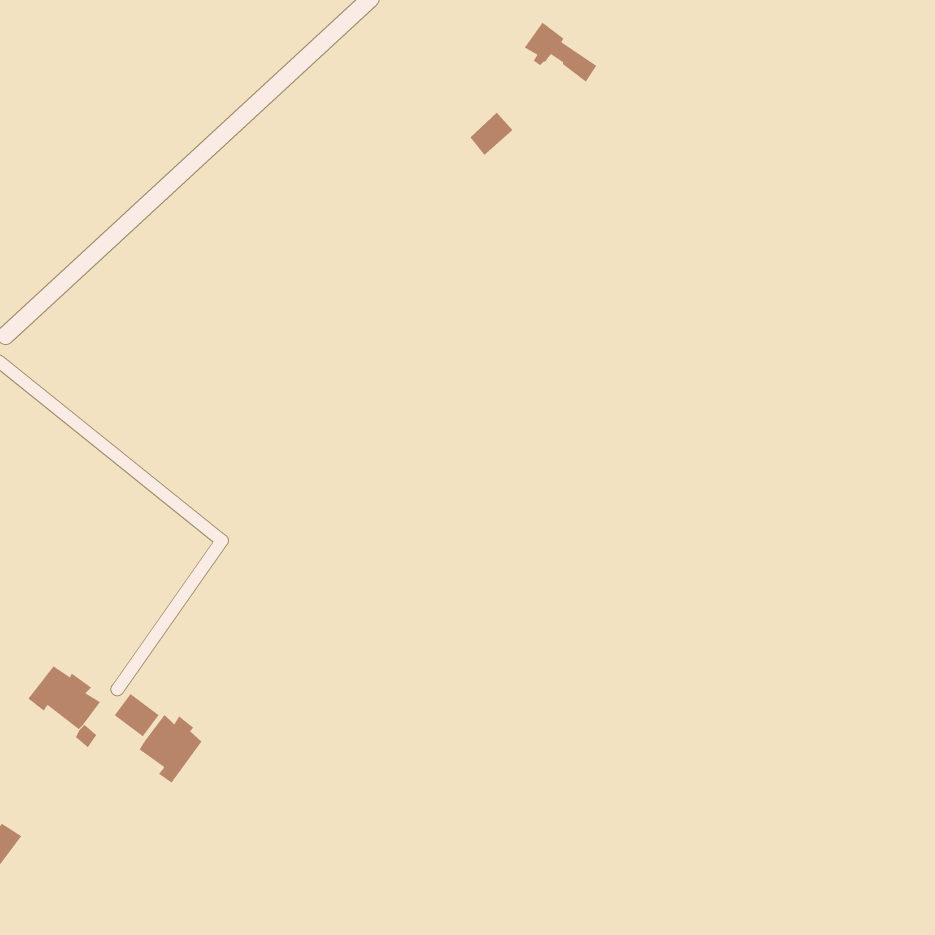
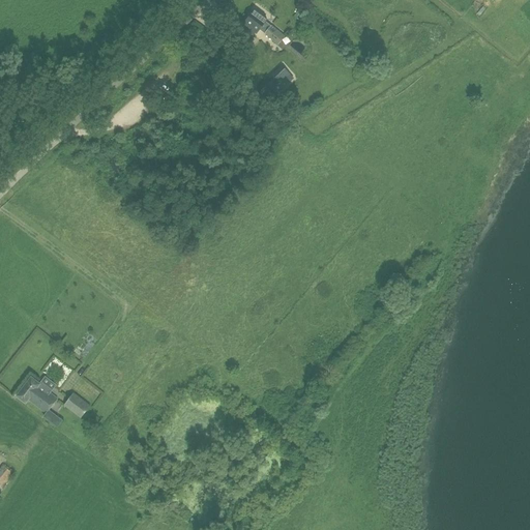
building: [524,22,597,82] -> [243,8,285,42]
building: [139,714,202,783] -> none

